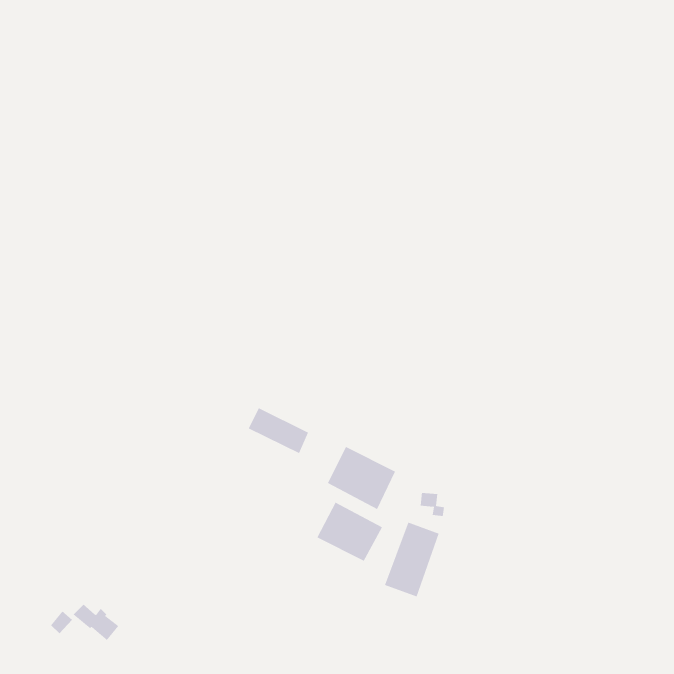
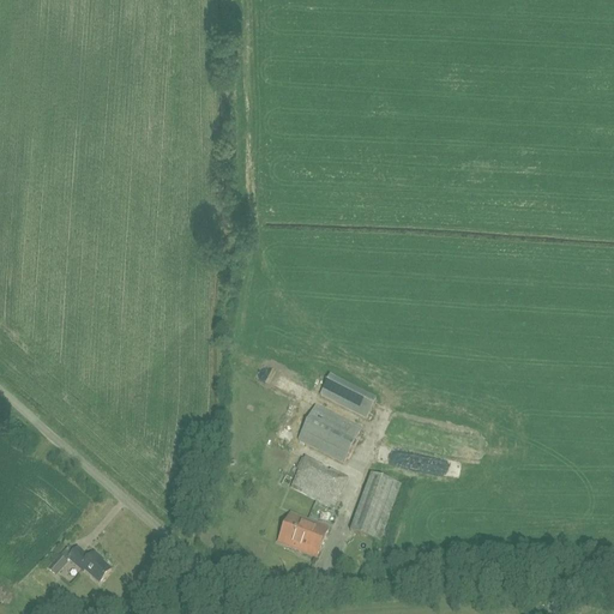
building: [248,407,309,454] -> [318,374,373,416]
building: none -> [275,511,326,555]

